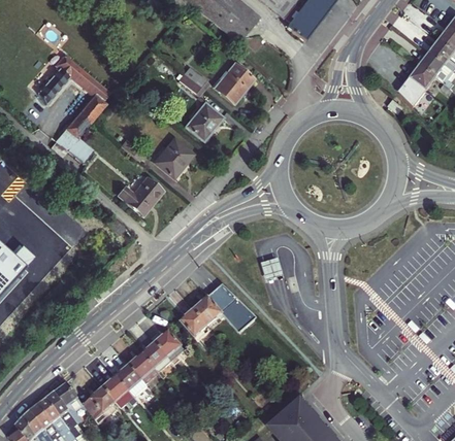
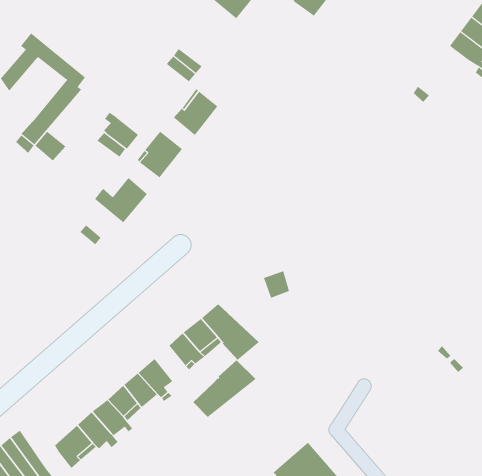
building: [214,62,254,102] -> none
building: [398,64,435,105] -> none
building: none -> [103,112,139,150]
building: none -> [193,360,256,418]
building: [55,380,87,422] -> none

